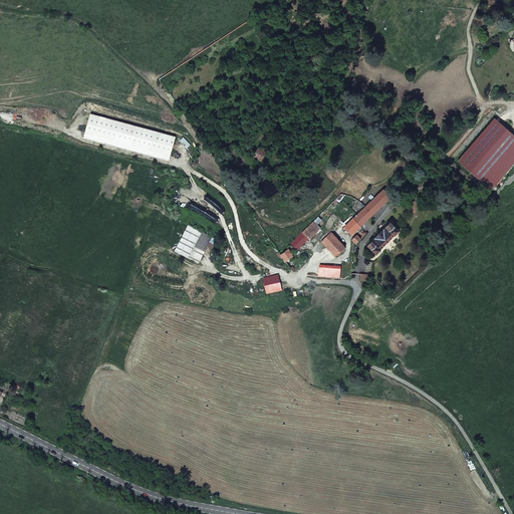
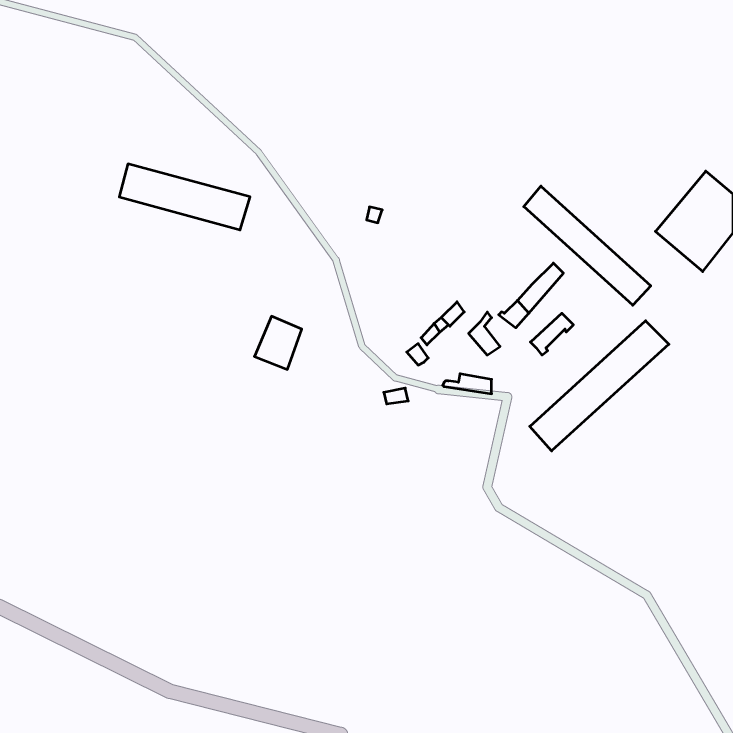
building: none -> [524,186,651,305]
building: none -> [530,321,669,451]

